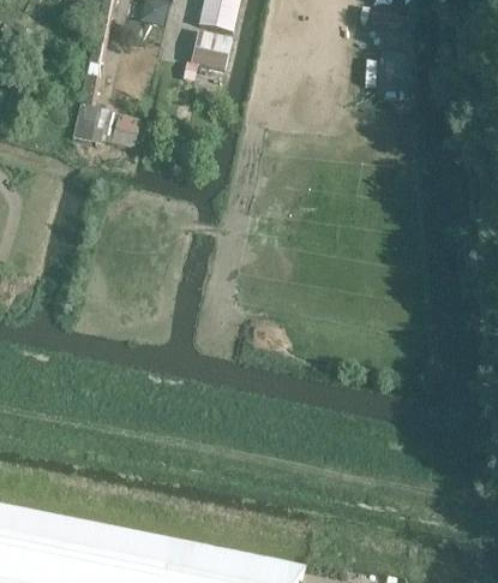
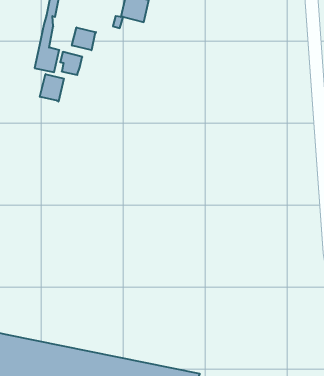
building: none -> [72,27,96,50]
building: none -> [40,74,64,102]

